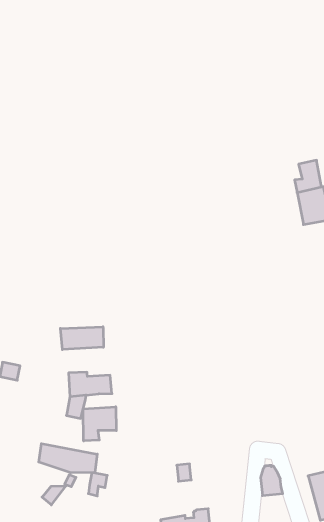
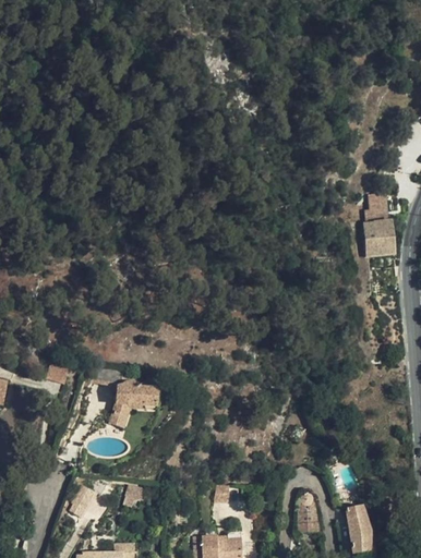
building: [60,327,103,350] -> none
building: [83,407,116,441] -> none
building: [39,444,97,473] -> none

